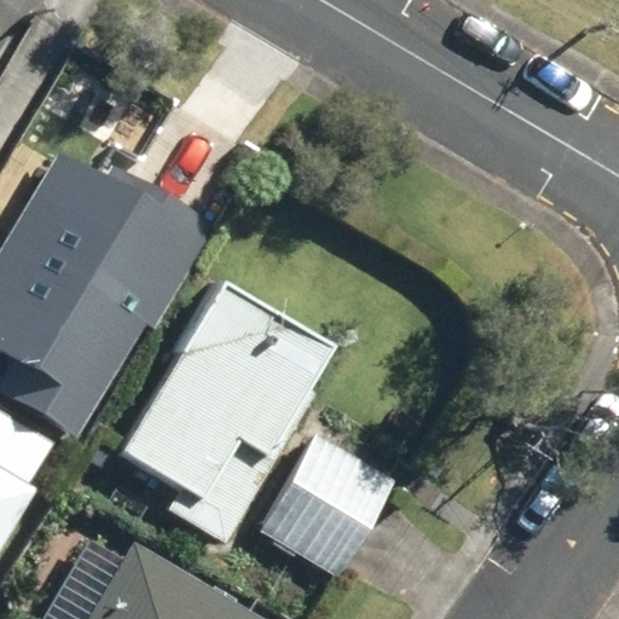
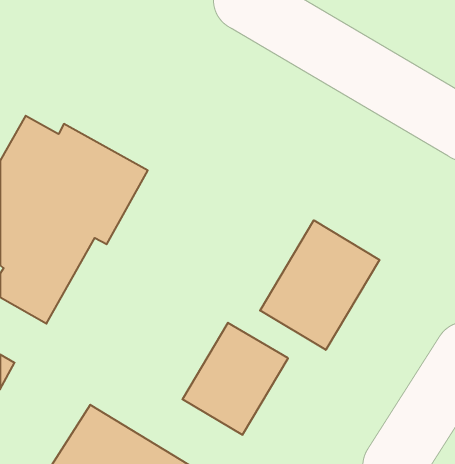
building: [121,284,330,544] -> none
building: none -> [260,220,379,350]

